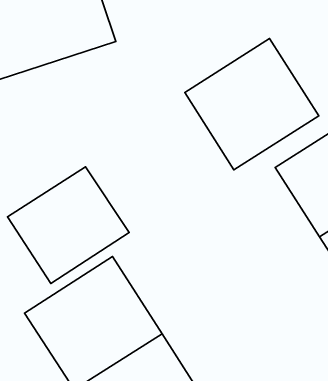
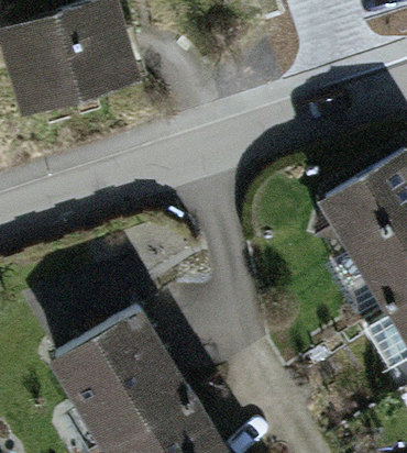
building: [185,38,319,170] -> none
building: [8,167,129,283] -> none

